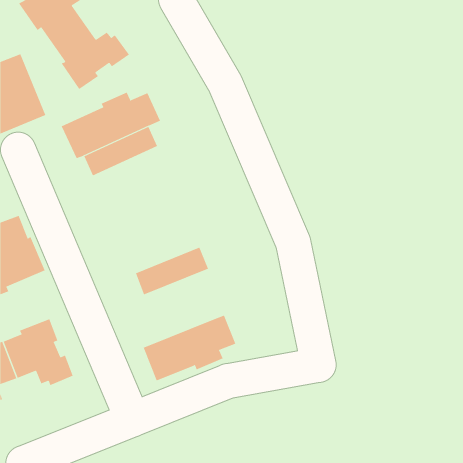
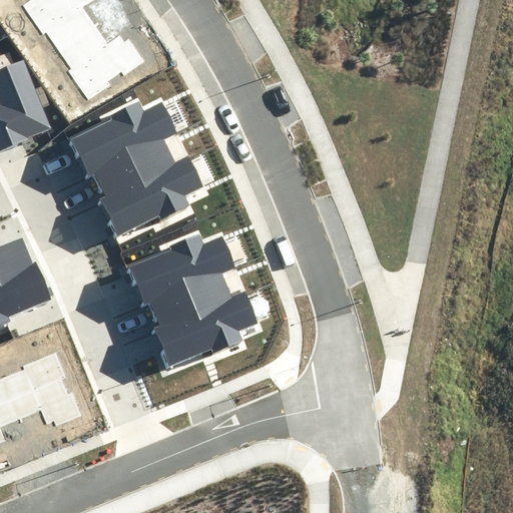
building: none -> [97,155,203,234]
building: none -> [124,233,234,306]
building: [143,315,236,381] -> [153,292,256,365]

